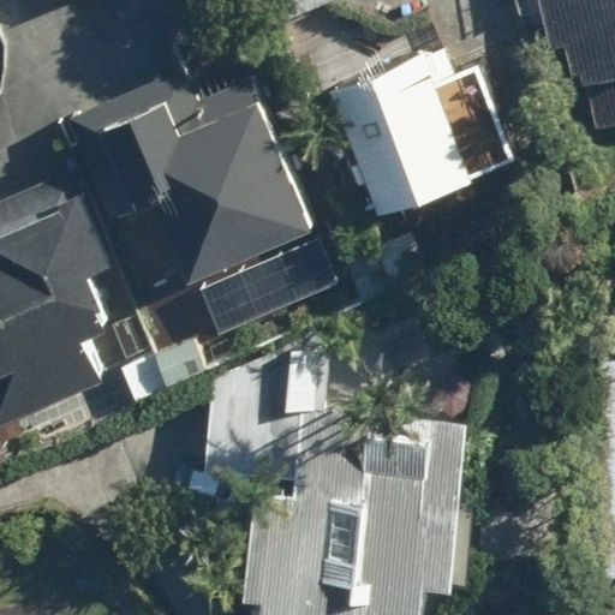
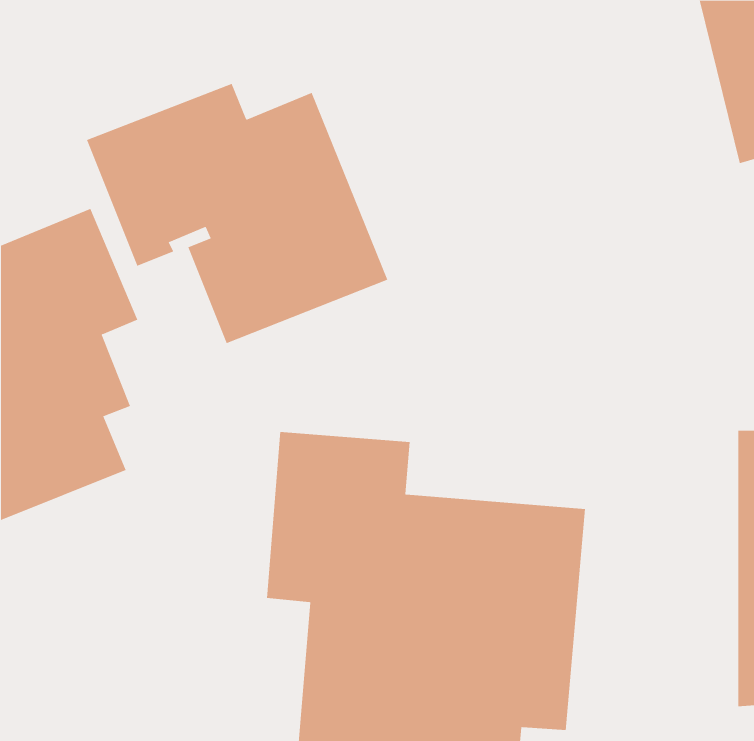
building: [334,66,472,227] -> none

